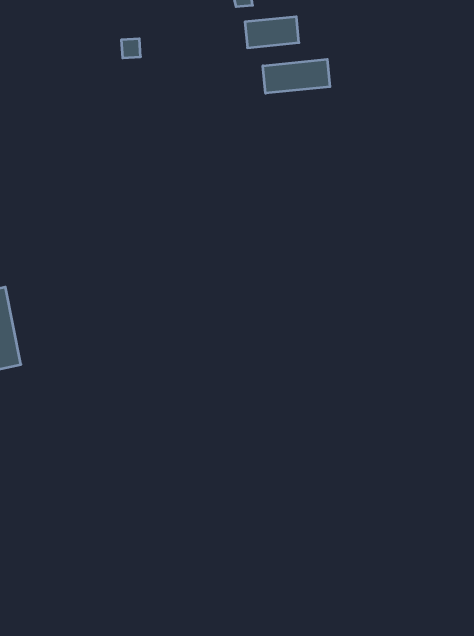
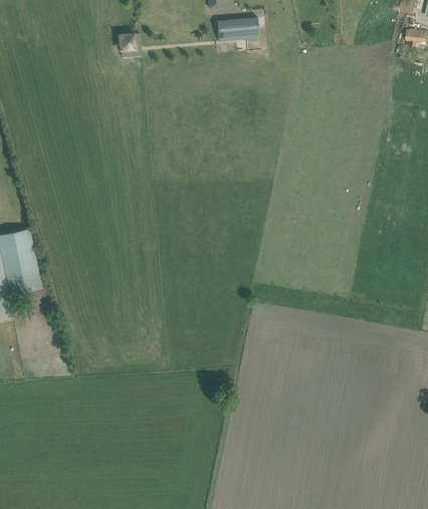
building: [263,59,330,93] -> none

